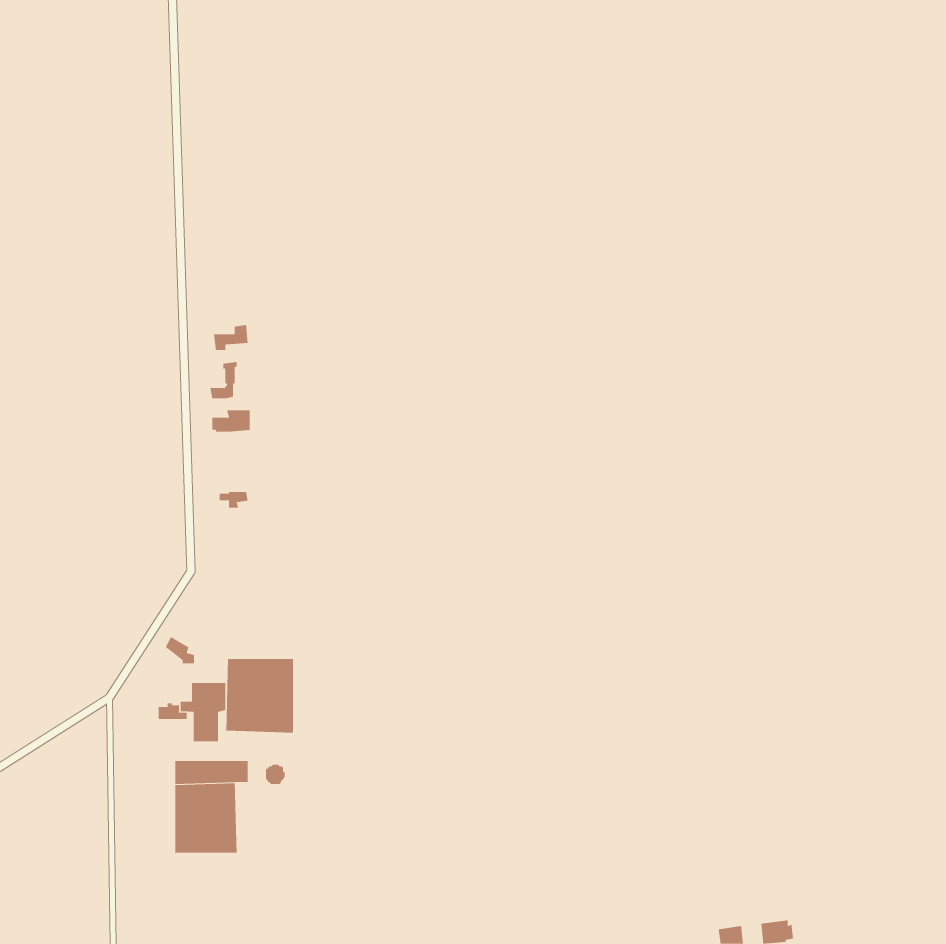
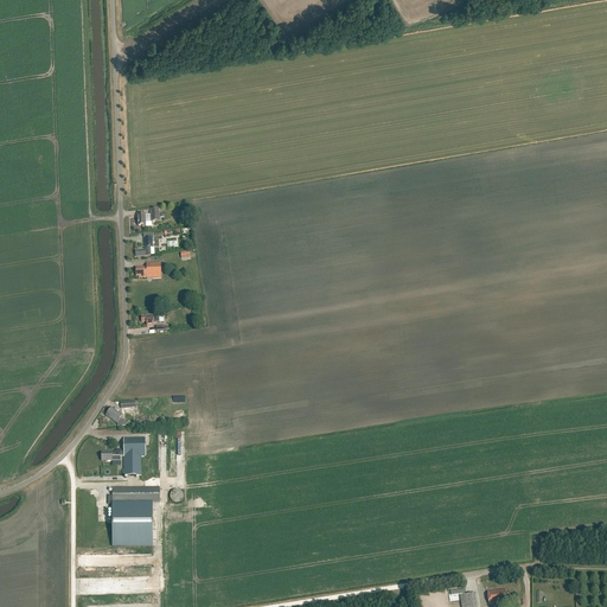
building: [226,658,294,733] -> none

